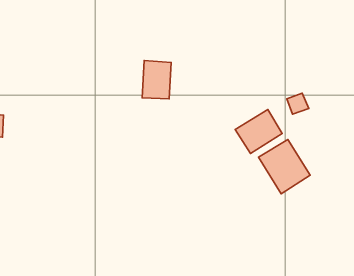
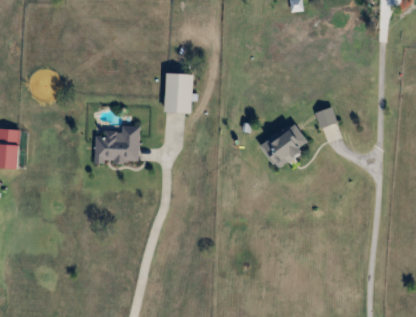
building: none -> [95,126,140,162]
building: [258,140,310,194] -> none

